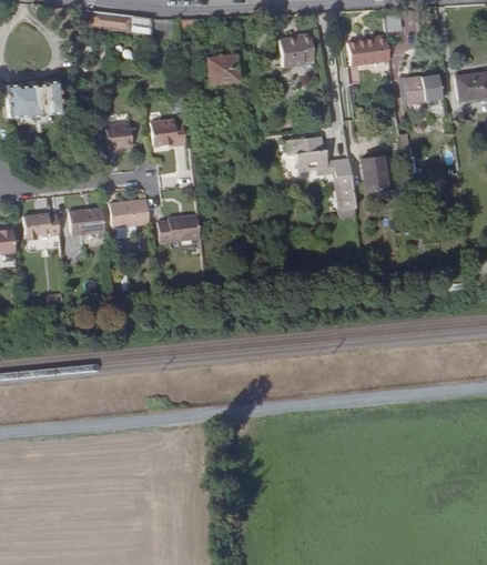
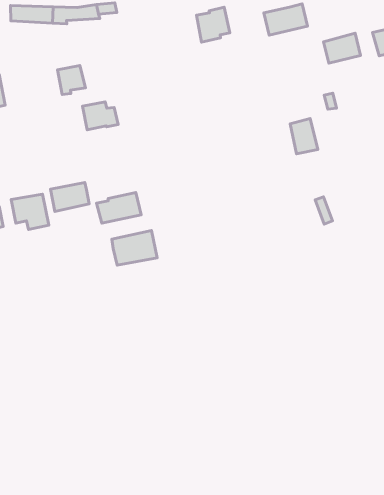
building: [202,57,232,87] -> none
building: [106,123,133,151] -> [58,65,85,94]
building: [285,139,355,210] -> none
building: none -> [112,231,157,265]

